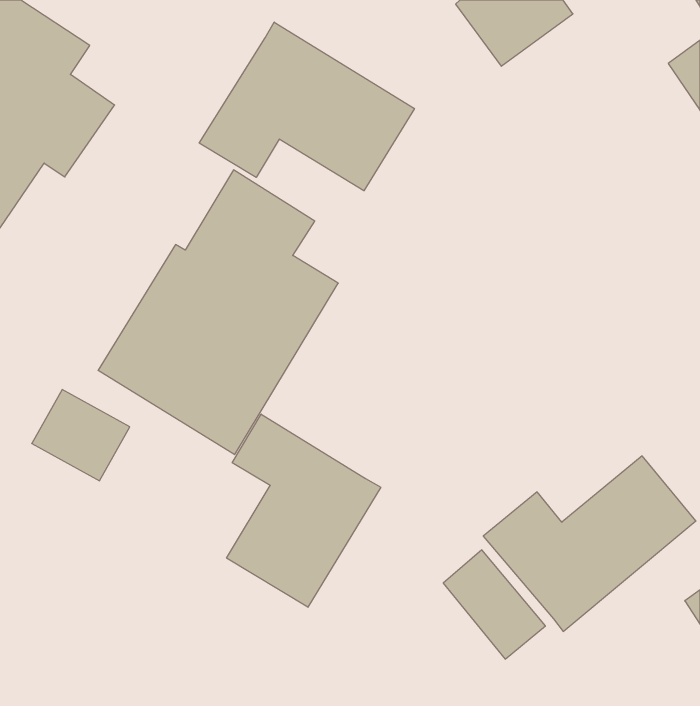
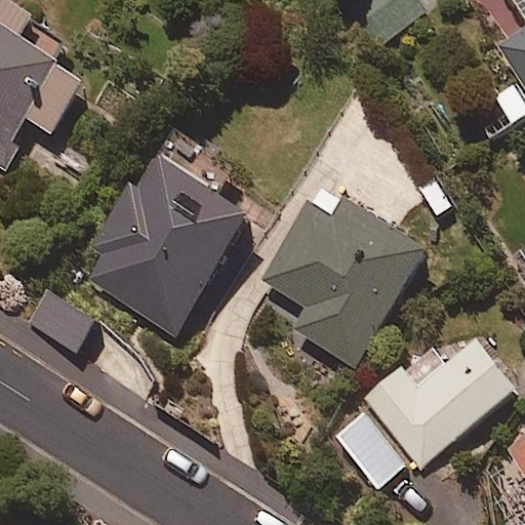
building: [199,22,414,191] -> none
building: none -> [261,199,427,366]
building: [227,414,381,607] -> none

